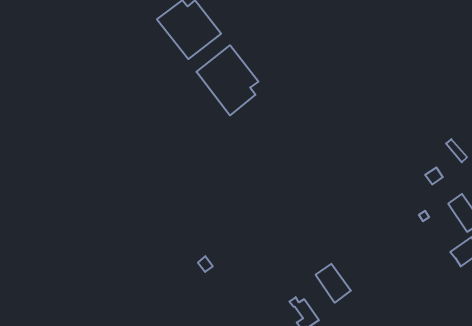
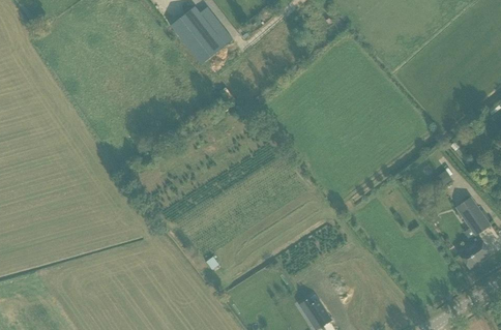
building: [196,45,258,115] -> none
building: [316,264,351,303] -> none

